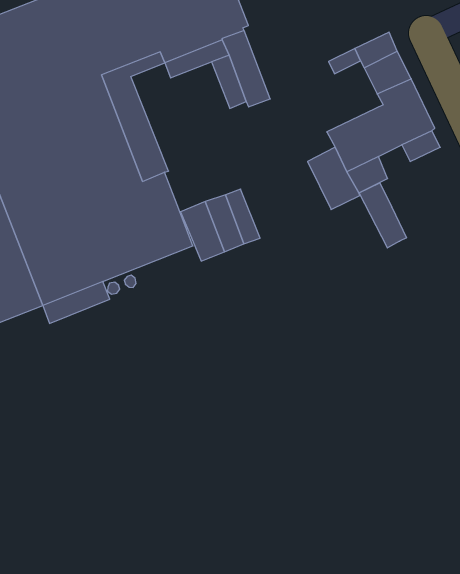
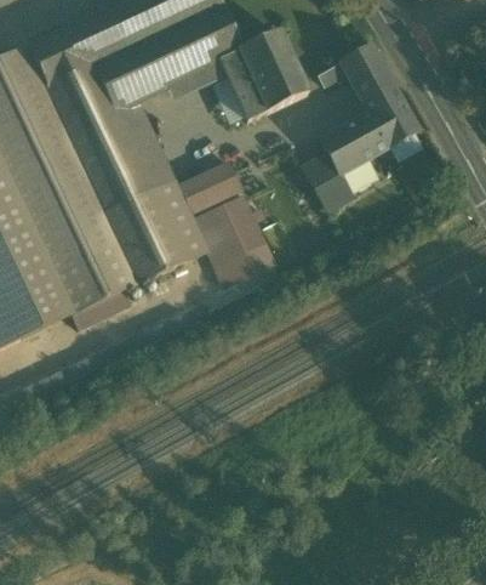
building: none -> [236,29,307,112]
building: none -> [173,160,240,214]
building: [359,183,406,248] -> none
building: none -> [212,239,275,288]

